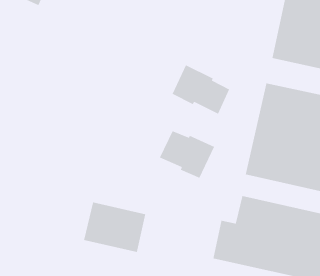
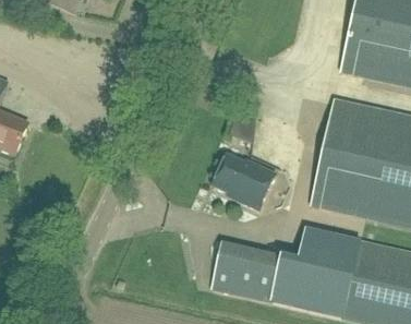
building: [171,64,230,115] -> none
building: [83,201,146,253] -> [210,241,282,300]

